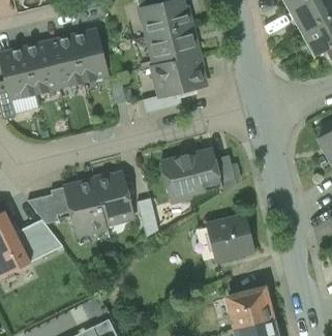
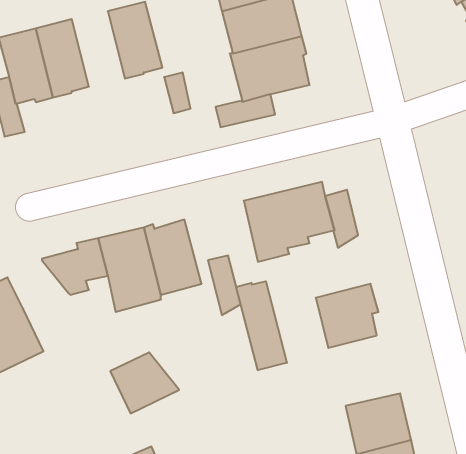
building: [48,37,83,87] -> none
building: none -> [236,281,287,370]
building: [16,221,61,262] -> [110,352,179,413]

